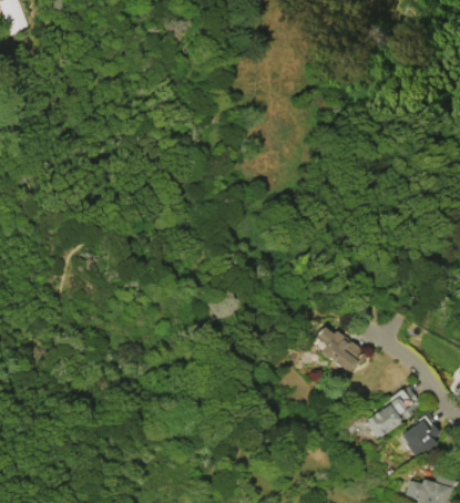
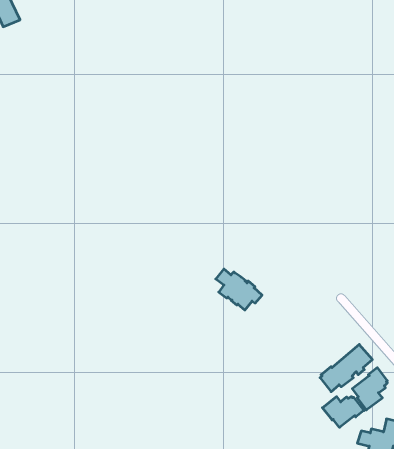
building: [316,327,367,372] -> [216,269,262,310]
building: none -> [322,397,364,427]

